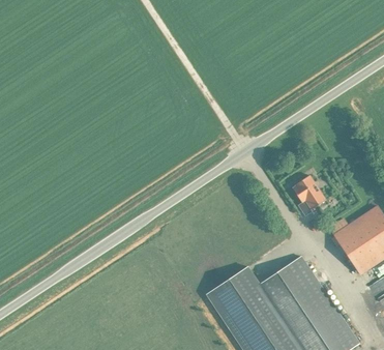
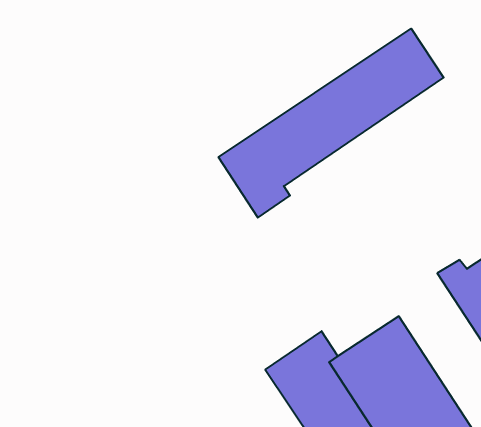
building: none -> [219,29,444,218]
building: [292,176,325,210] -> none

